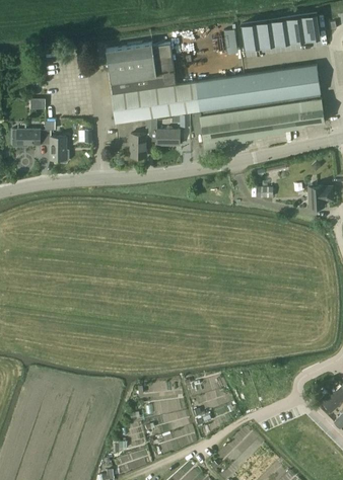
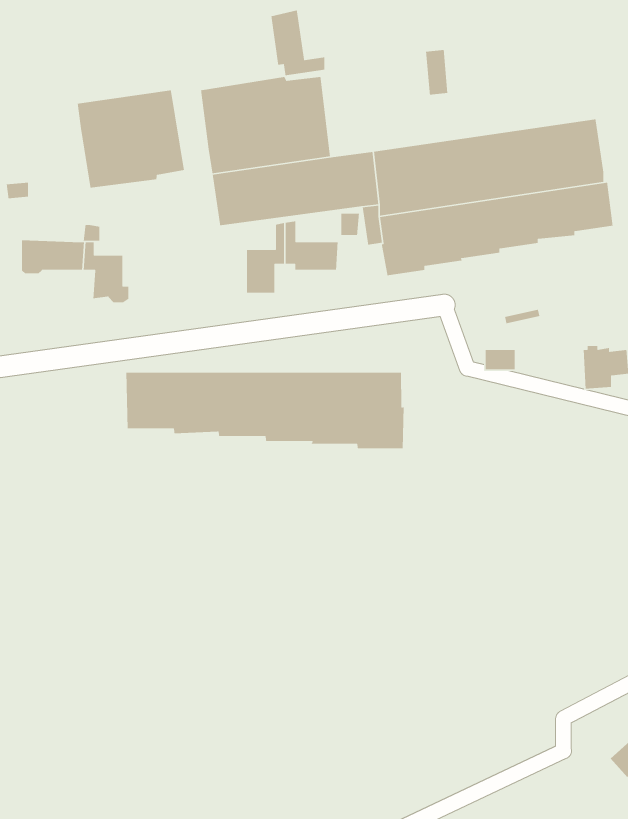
building: none -> [270,9,325,76]
building: [241,16,319,54] -> none
building: none -> [77,90,185,188]
building: none -> [126,372,405,449]

